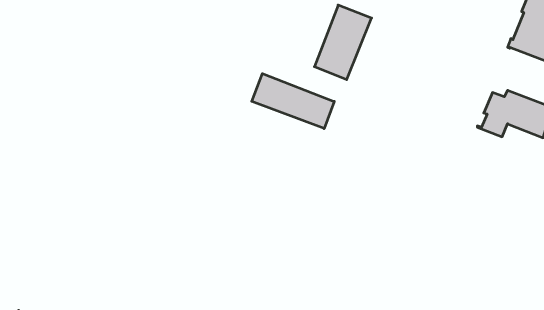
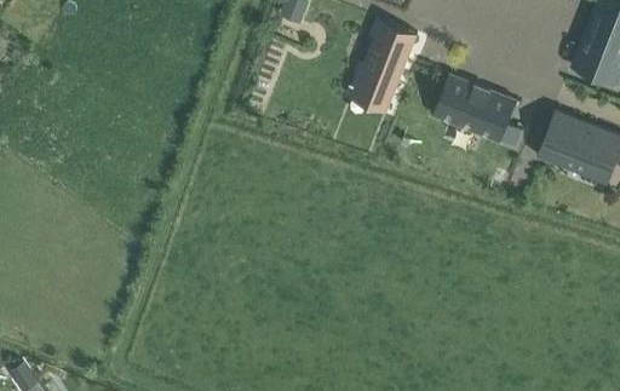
building: none -> [432,76,523,149]
building: [252,74,334,129] -> none

